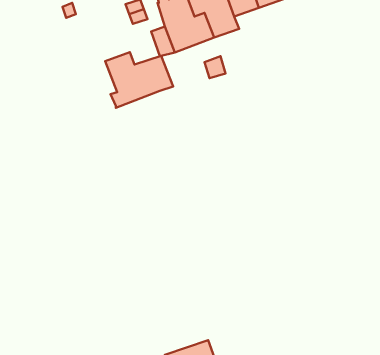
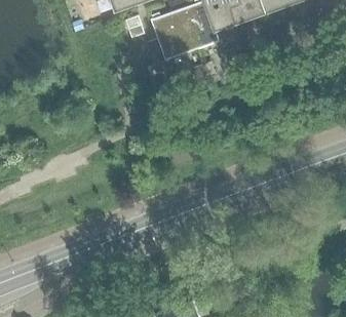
building: [105,52,173,108] -> none

